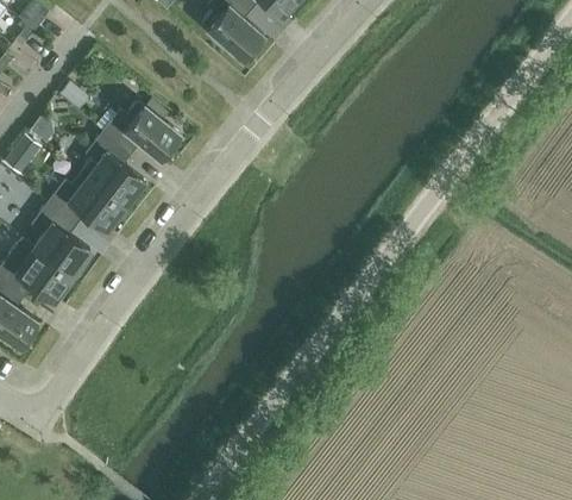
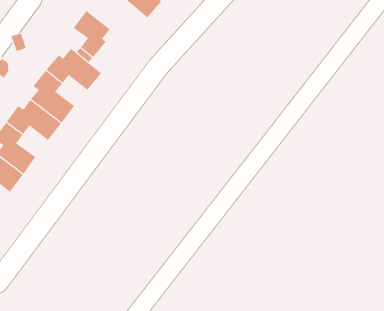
building: none -> [73,10,110,58]

